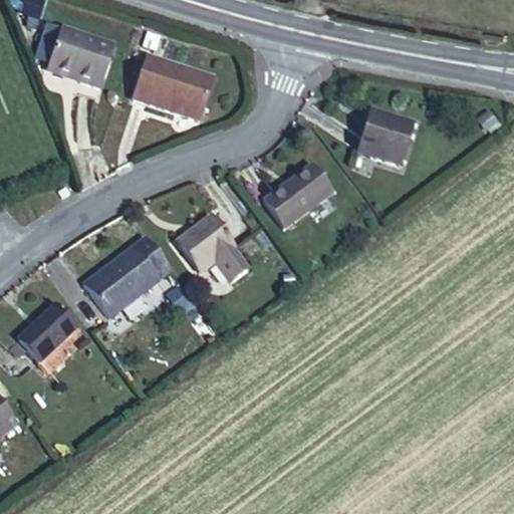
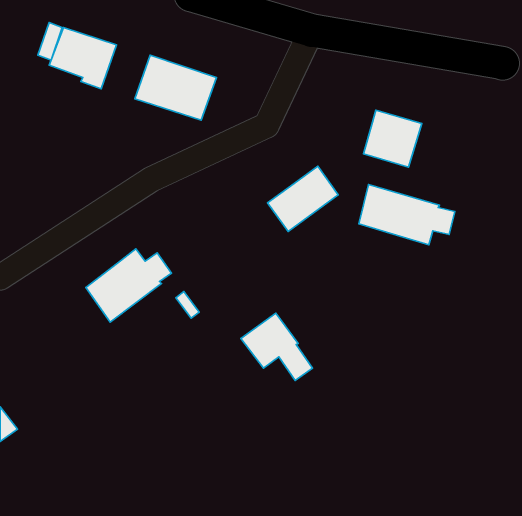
building: none -> [359,185,455,245]
building: [176,213,246,279] -> [241,313,312,380]
building: [11,304,76,360] -> none

